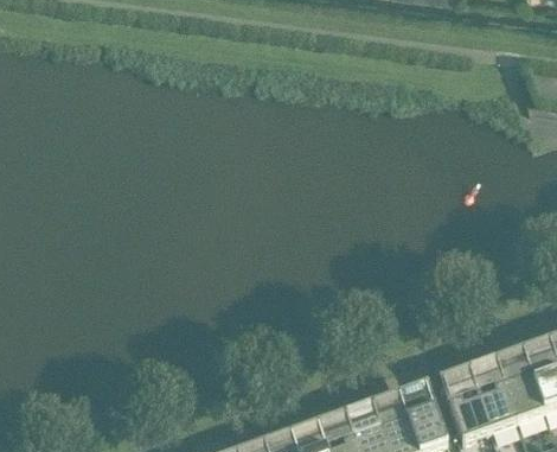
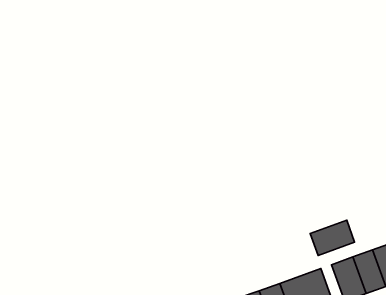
building: none -> [310,220,355,256]

